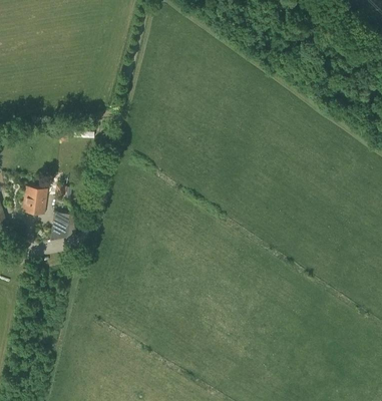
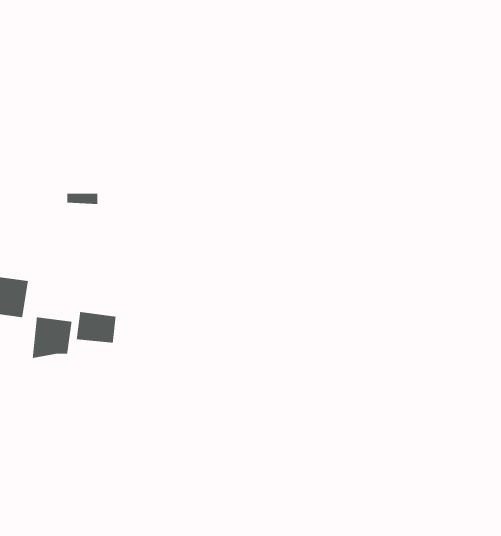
building: none -> [76,311,117,344]

